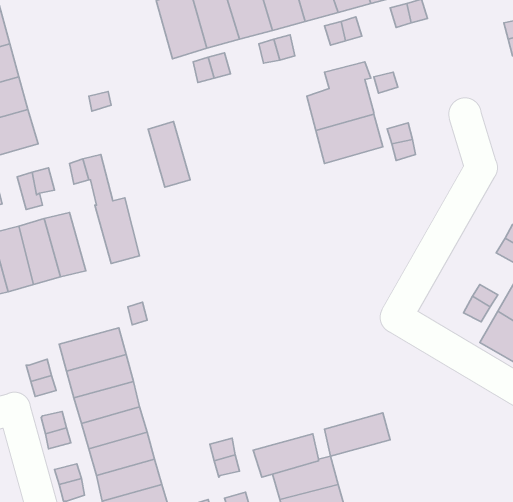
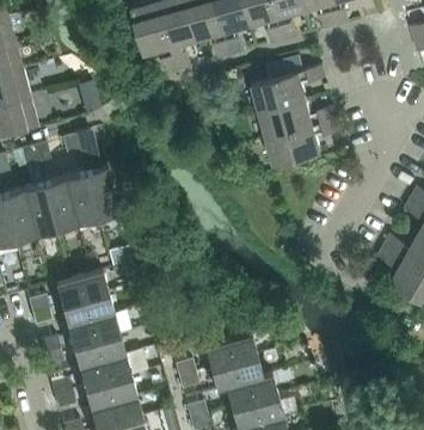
building: [148,122,190,187] -> [62,172,96,225]
building: none -> [266,125,321,166]
building: [325,413,390,456] -> [204,333,257,368]

